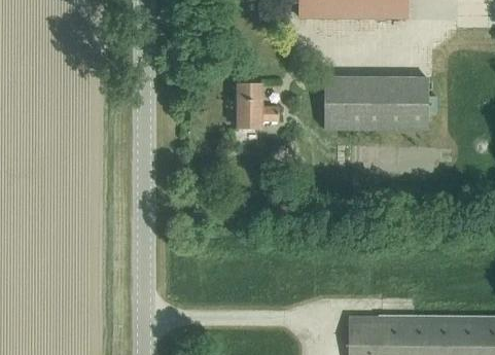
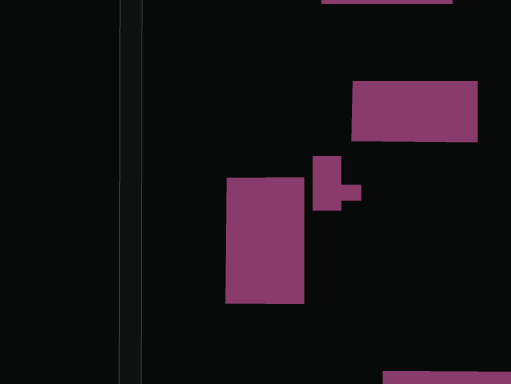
building: [237,81,278,128] -> [312,155,362,212]
building: none -> [224,177,305,305]

